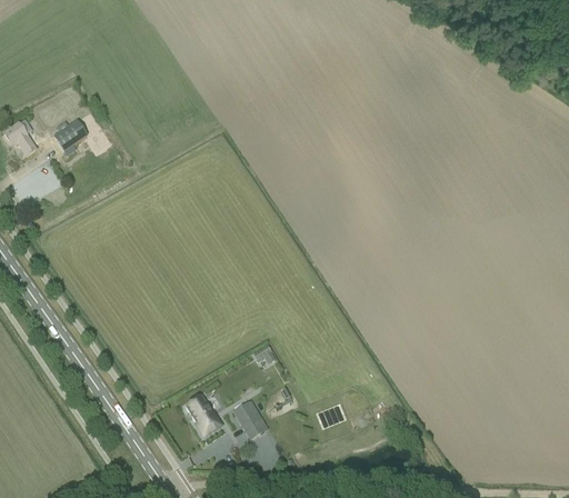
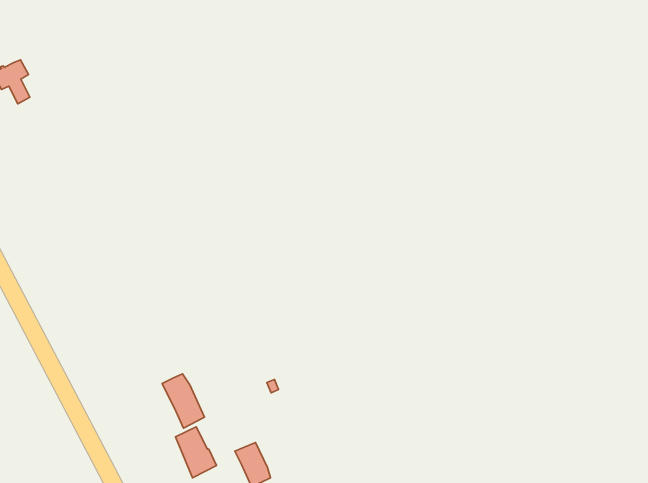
building: [54,120,87,155] -> none
building: none -> [162,374,205,428]

